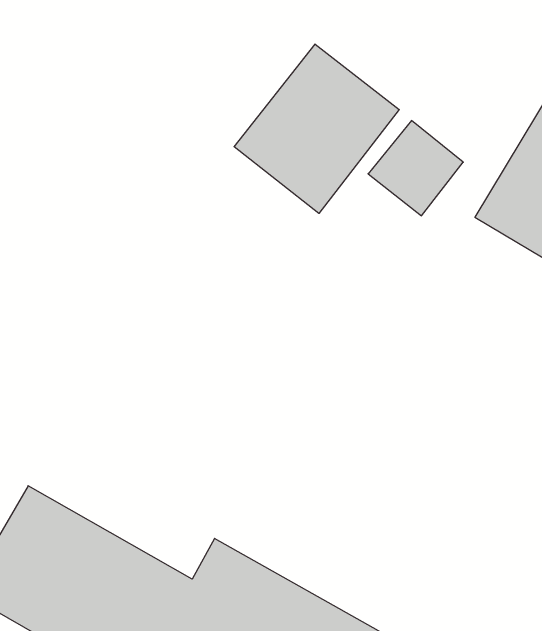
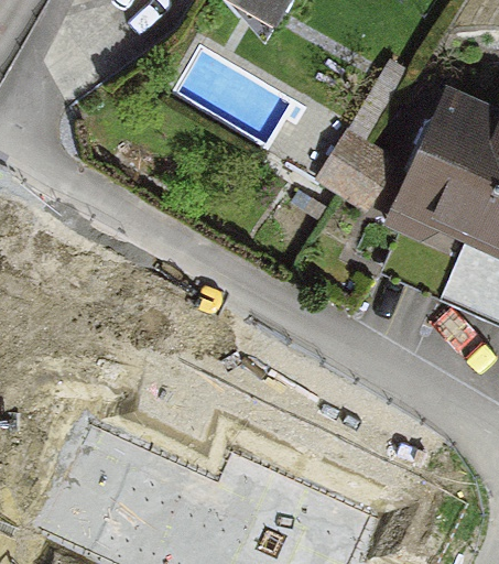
building: [234,44,399,213] -> none

